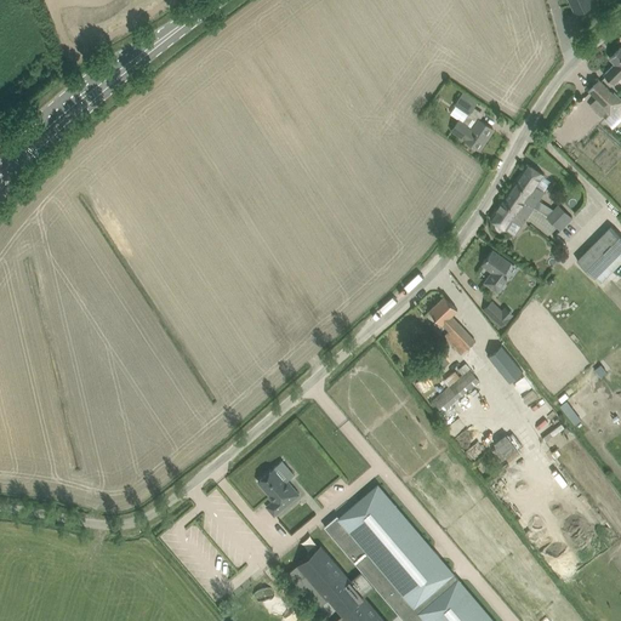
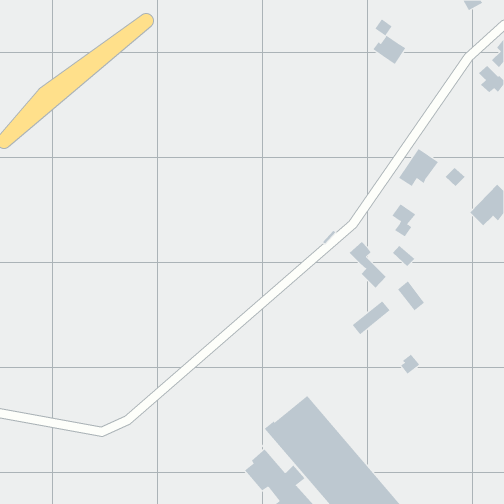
building: [451,93,492,150] -> [373,19,406,65]
building: [513,164,543,200] -> none
building: [257,468,298,517] -> none

